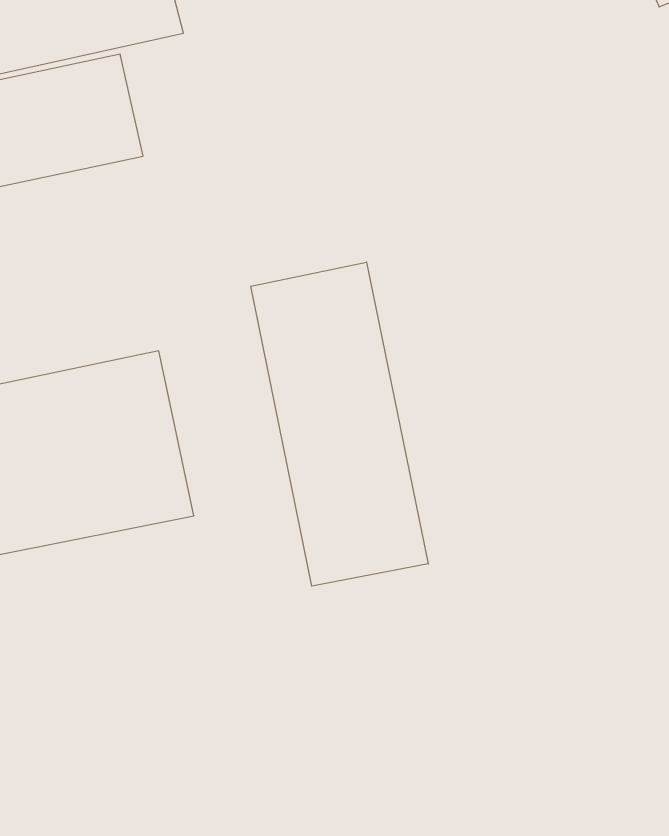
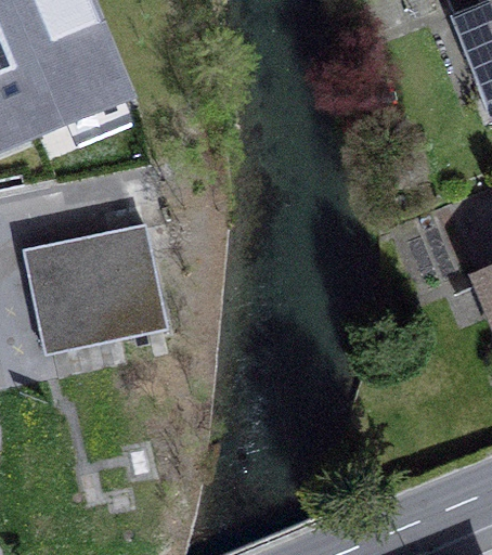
building: [251,262,428,586] -> none

